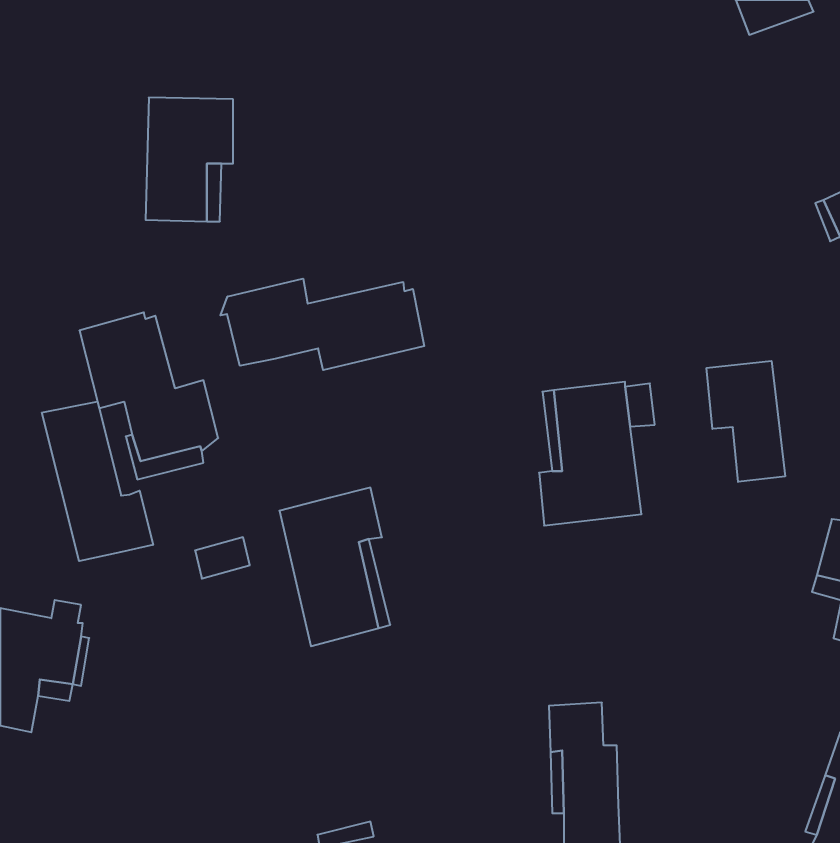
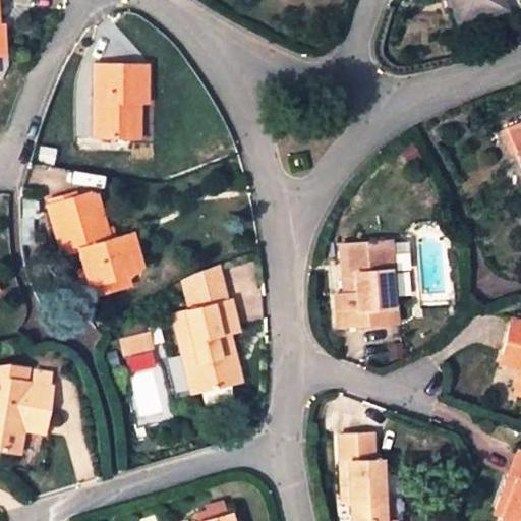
building: [220,279,424,370] -> none
building: [707,361,785,482] -> none
building: [42,401,153,561] -> none
building: none -> [198,263,231,307]

